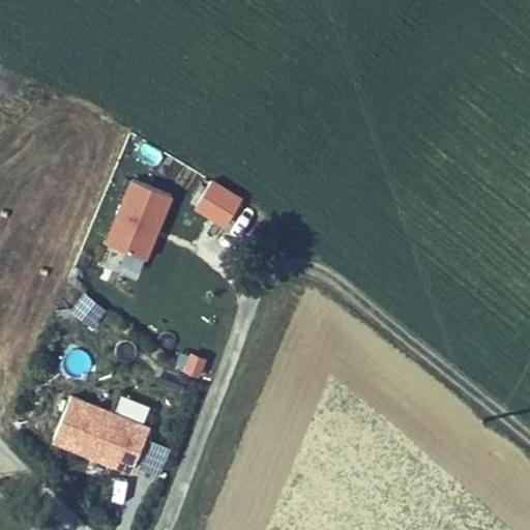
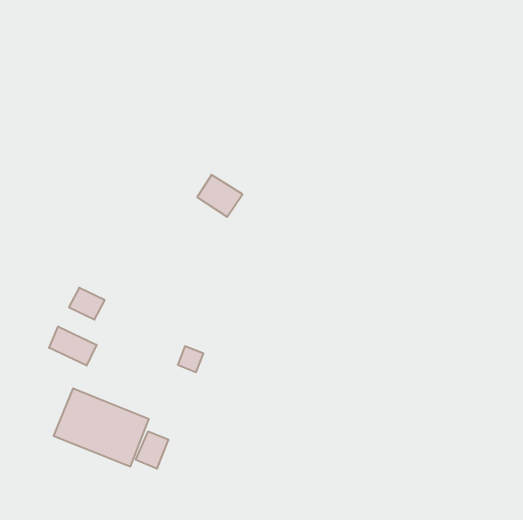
building: [100,179,173,263] -> none
building: none -> [49,326,97,366]

